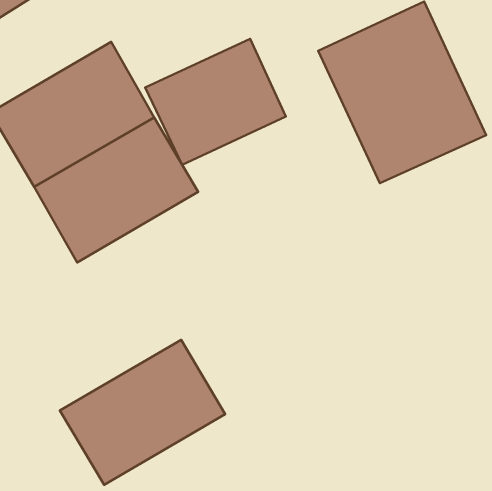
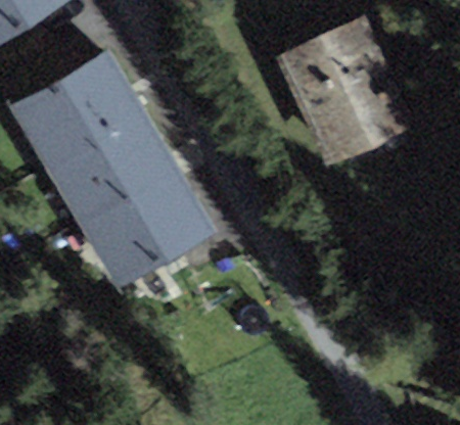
building: [145,39,286,165] -> none
building: [60,340,225,485] -> [83,171,217,288]

